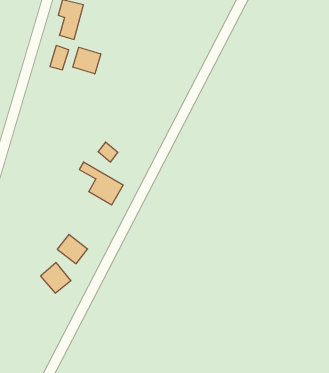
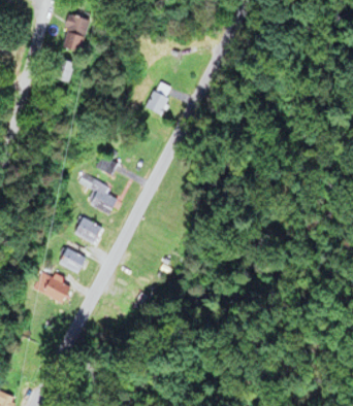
building: [73,47,101,74] -> none
building: none -> [148,80,174,115]
building: none -> [74,216,103,242]

